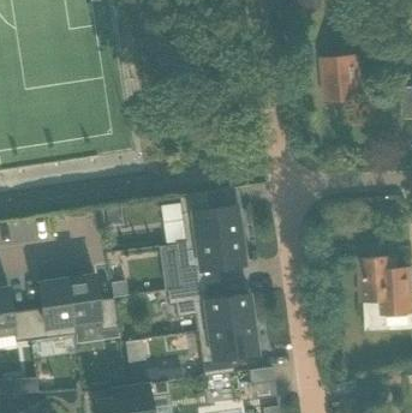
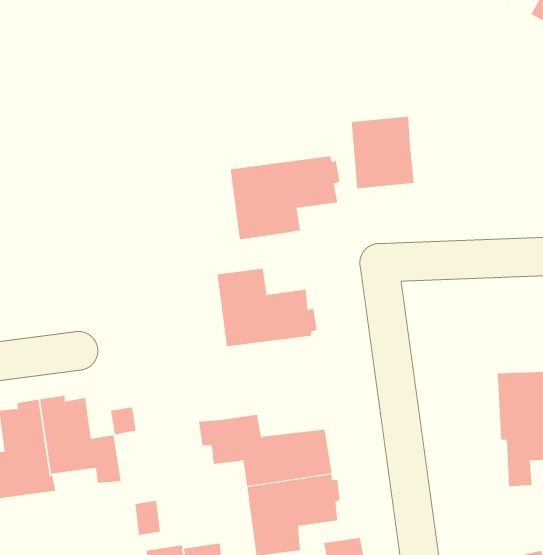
building: [322,56,363,103] -> [351,116,414,189]
building: [175,235,246,289] -> [230,156,340,240]

